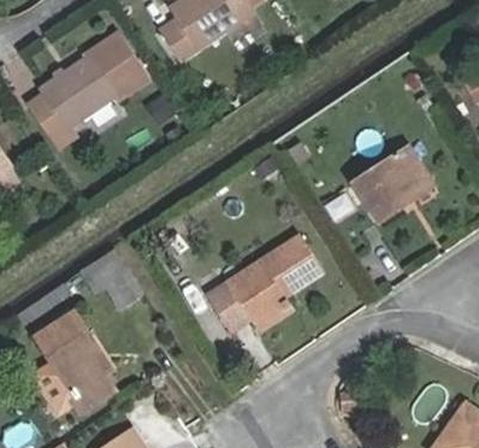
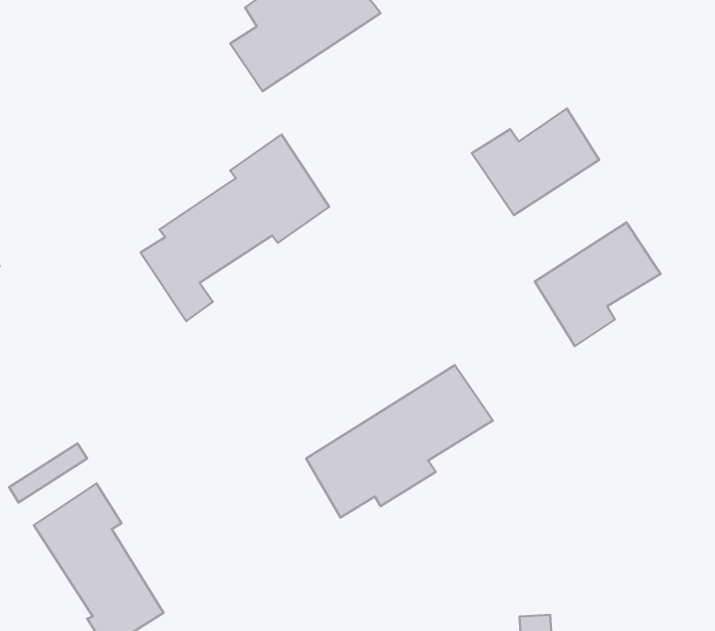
building: [28,30,147,148] -> [141,134,329,321]
building: none -> [472,109,599,215]

